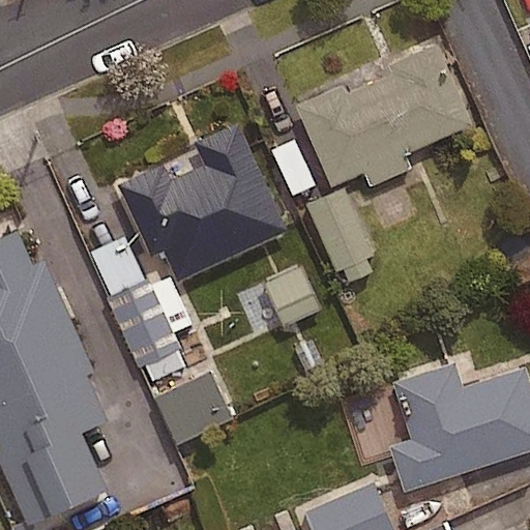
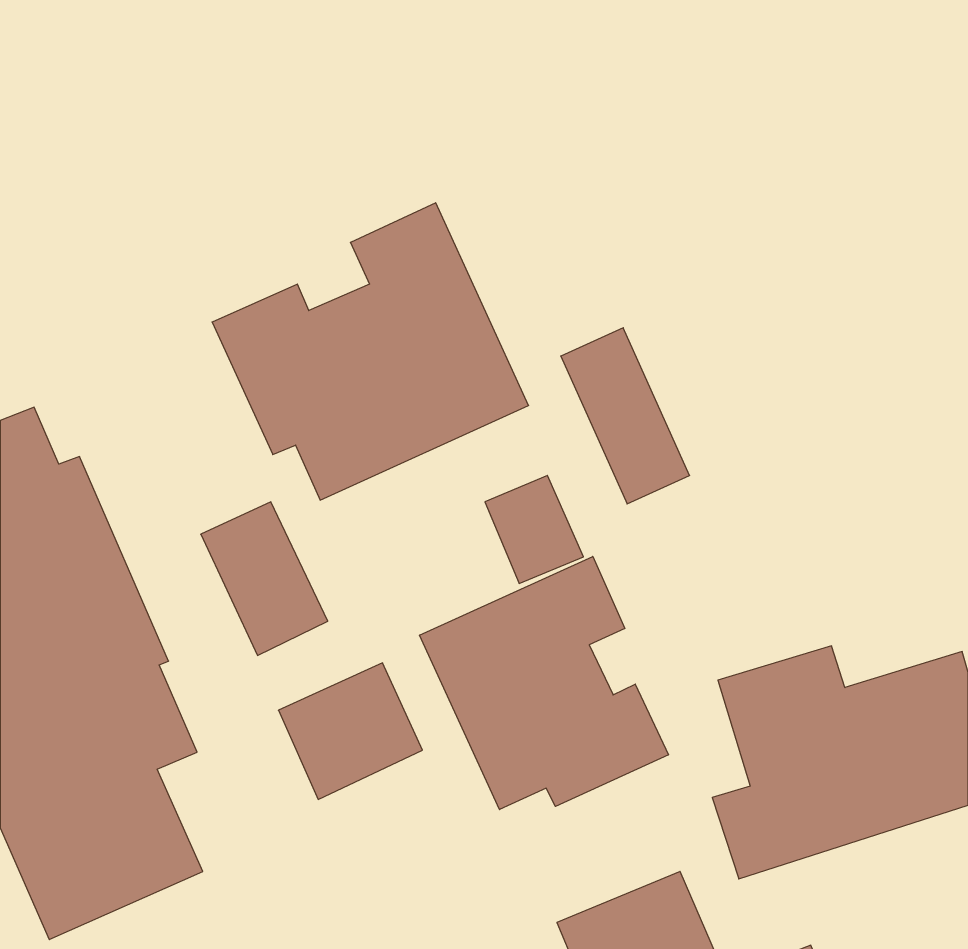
building: [296,41,475,189] -> none
building: none -> [420,556,668,810]

